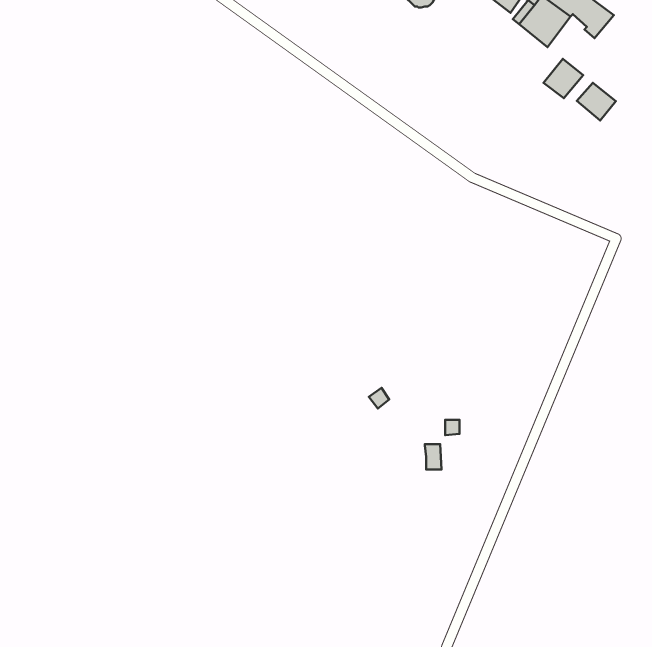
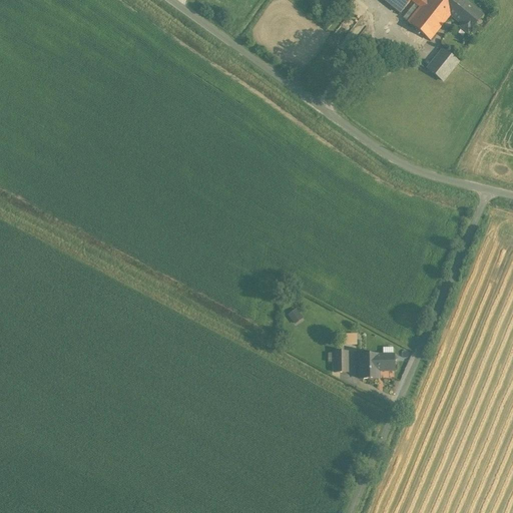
building: [577,83,616,120] -> none
building: none -> [359,352,393,376]

